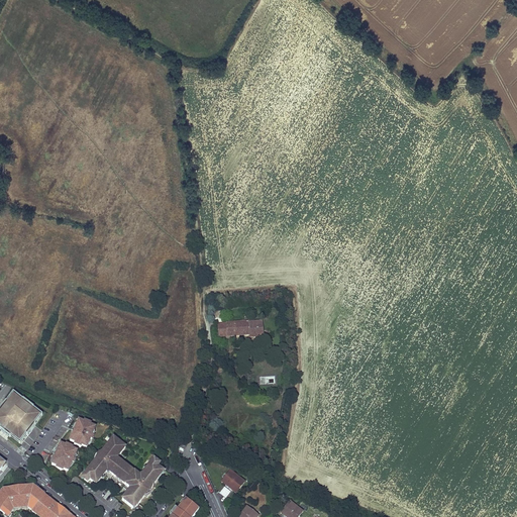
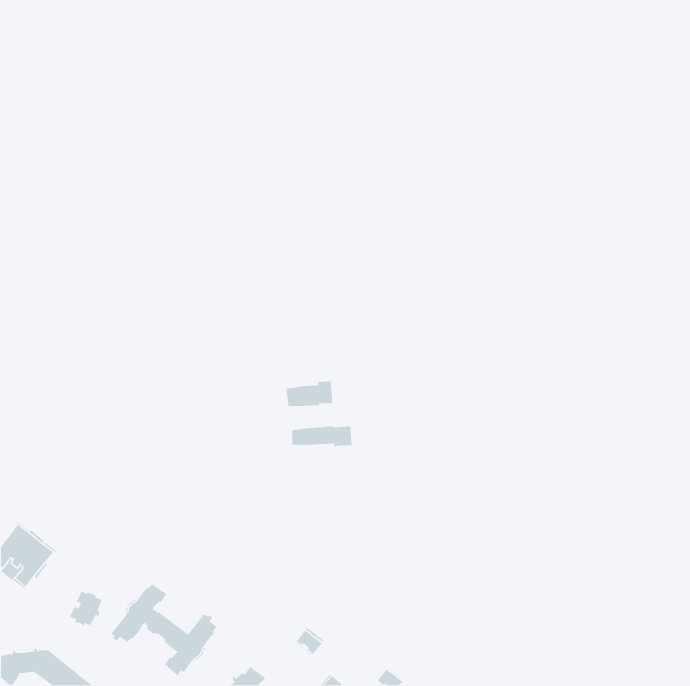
building: none -> [286,381,333,407]
building: [70,418,95,445] -> none

